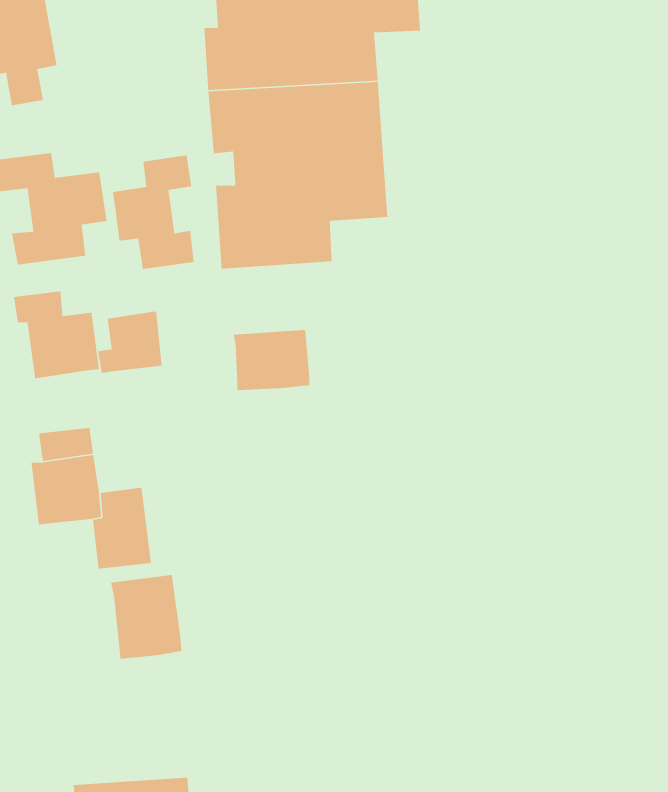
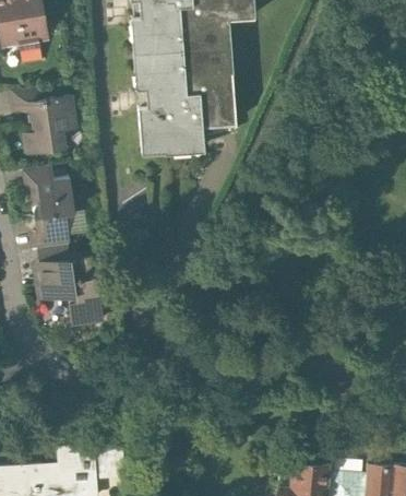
building: [112,154,194,270] -> none
building: [97,311,163,374] -> [31,212,68,248]
building: [233,329,310,391] -> none
building: [110,574,182,659] -> none

